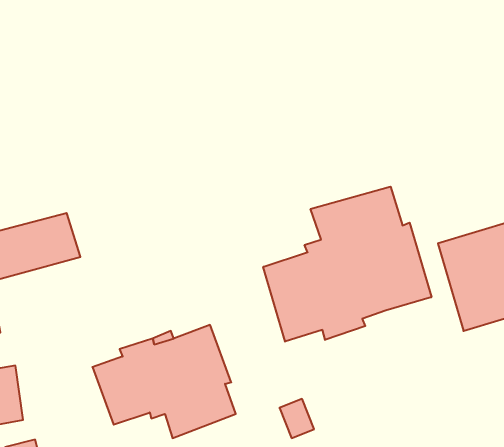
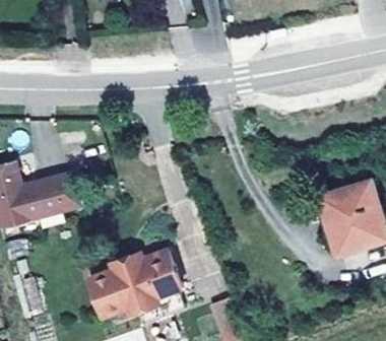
building: [263,187,431,342] -> none

